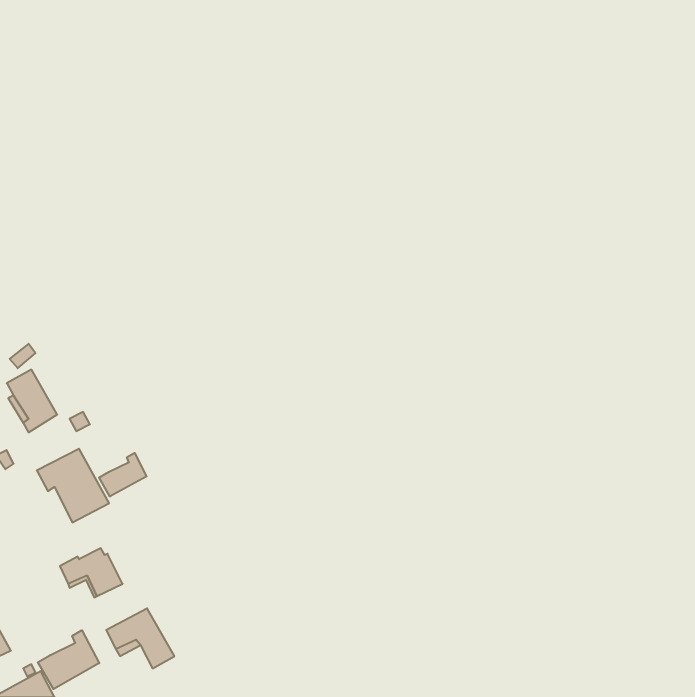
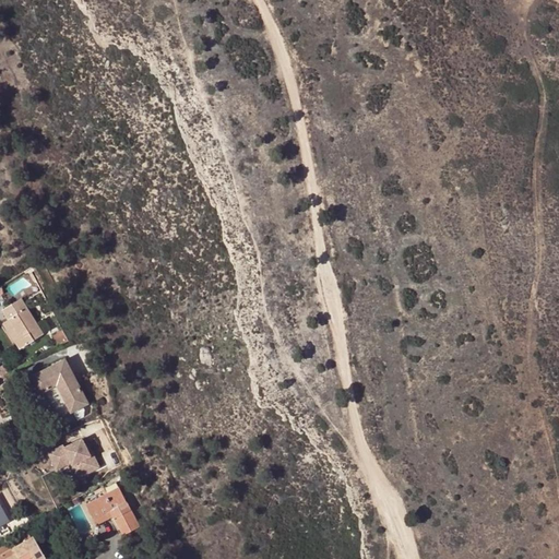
building: [99,453,147,497] -> none
building: [38,630,99,689] -> none

